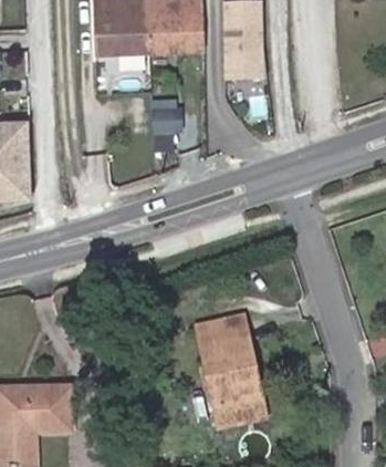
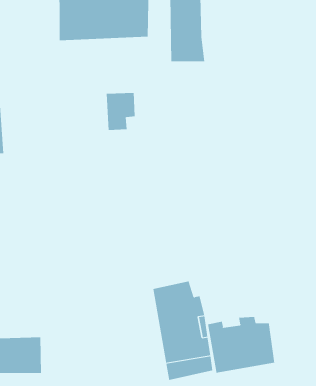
building: none -> [207,316,275,373]

